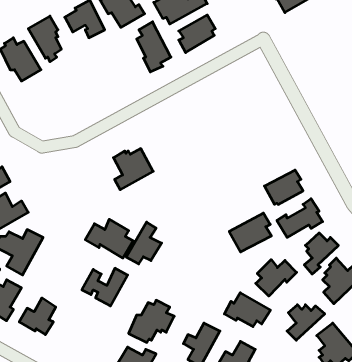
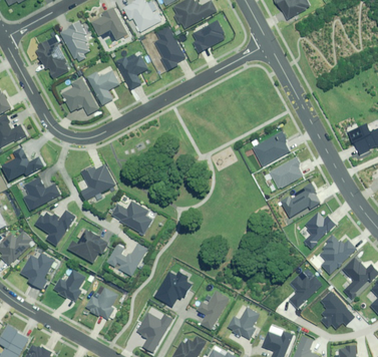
building: none -> [116,54,148,89]
building: none -> [87,70,119,104]
building: none -> [62,77,99,114]
building: [113,149,153,190] -> [81,163,116,200]
building: [229,213,271,252] -> [251,130,288,164]
building: [126,222,162,264] -> none
building: none -> [68,228,108,262]
building: [256,260,297,296] -> none
building: [224,293,270,327] -> none
building: none -> [85,287,117,319]

